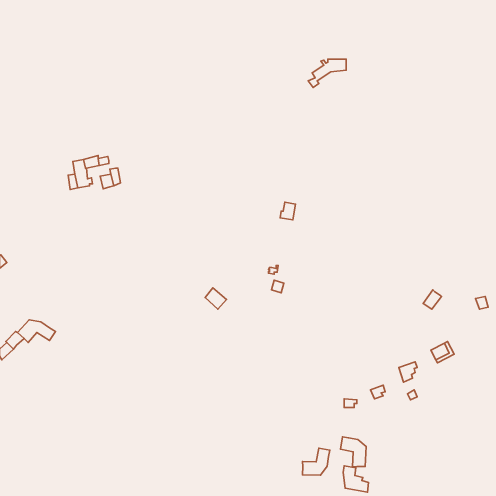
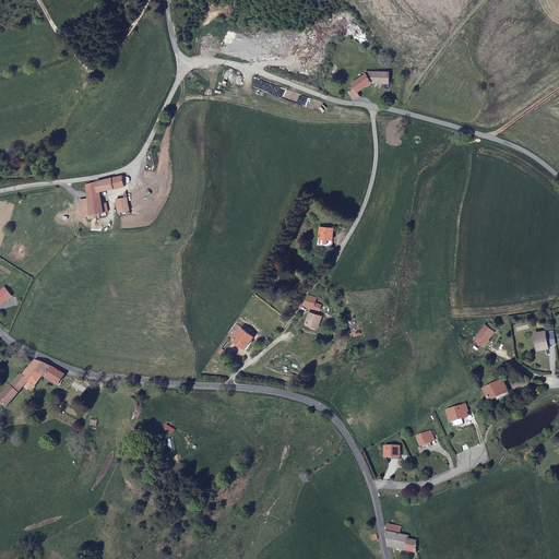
building: [341,437,366,467] -> none
building: [303,448,330,475] -> none

